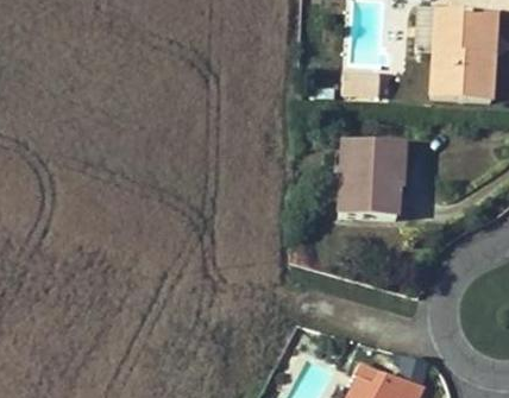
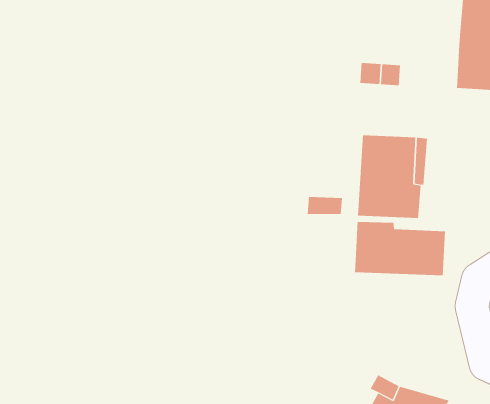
building: none -> [354,221,445,276]

